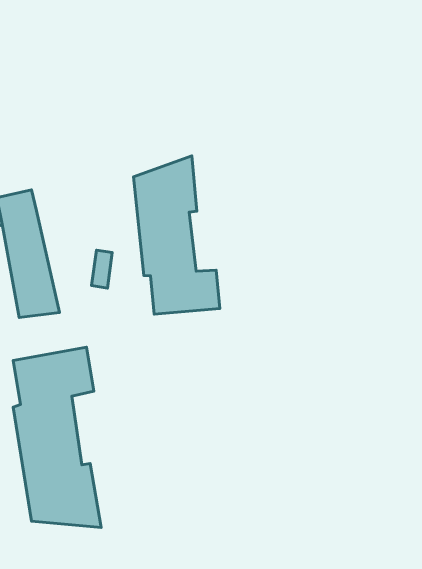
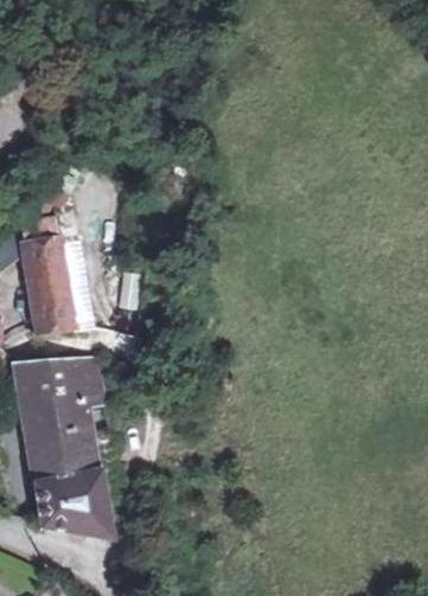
building: [134,156,220,314] -> none

